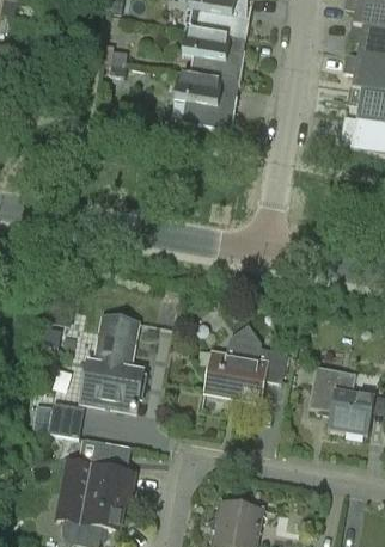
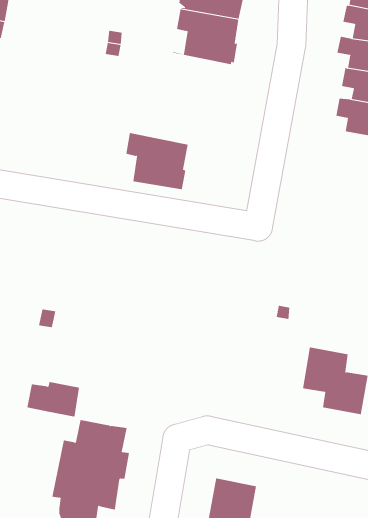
building: [173,72,237,129] -> [125,133,188,190]
building: [80,315,142,412] -> none
building: [203,324,286,404] -> none

